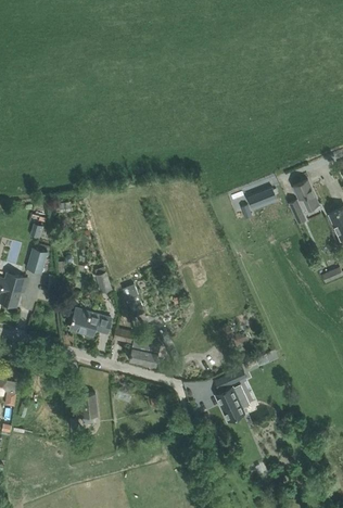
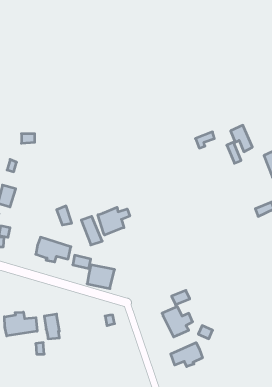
building: none -> [98,207,130,235]
building: none -> [4,312,37,336]
building: none -> [171,343,202,367]

